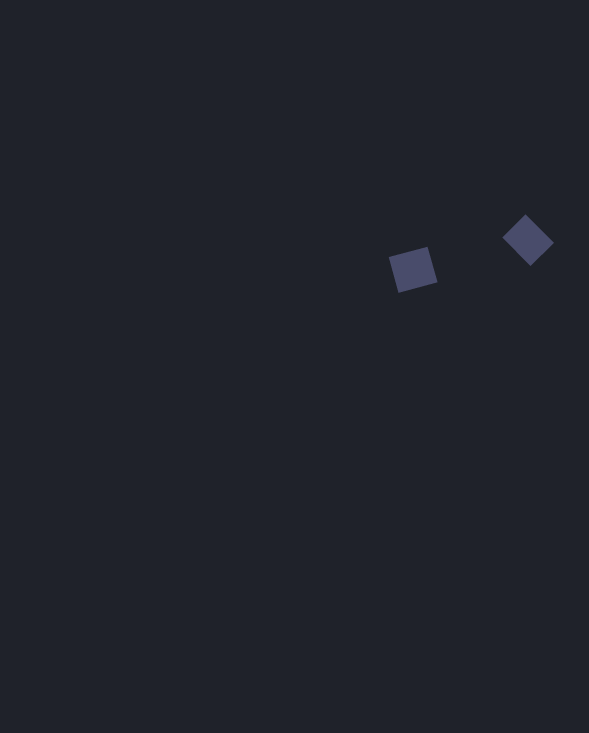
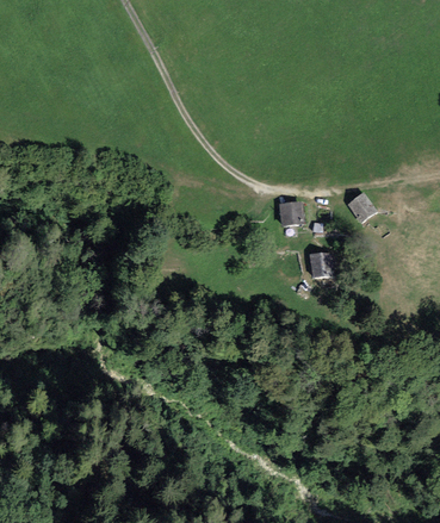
building: none -> [310,251,334,278]

